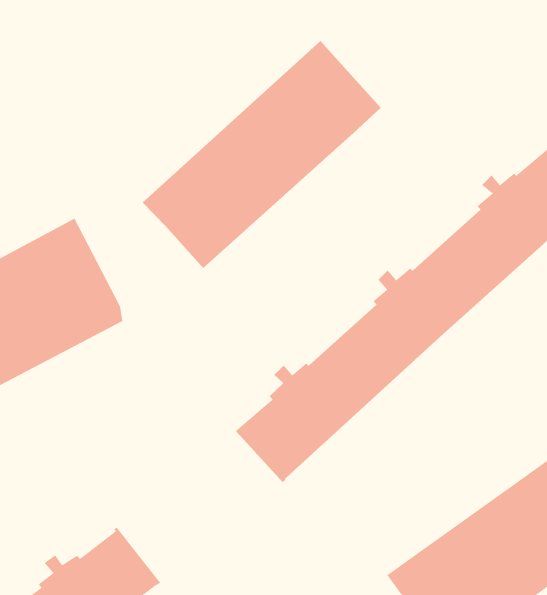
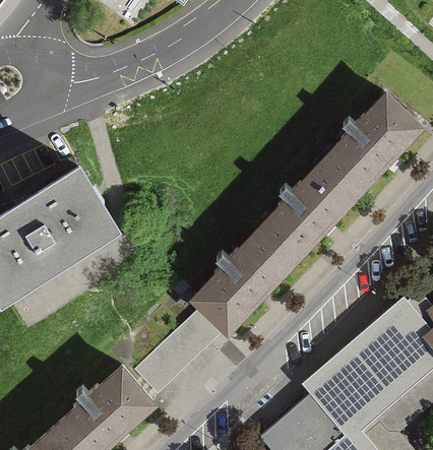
building: [142,40,382,269] -> none
building: none -> [135,312,220,394]

